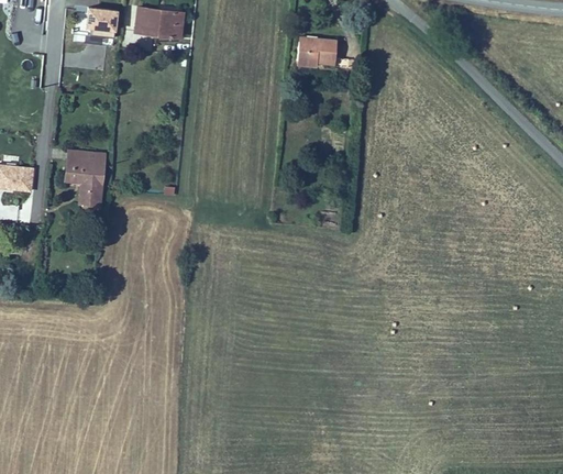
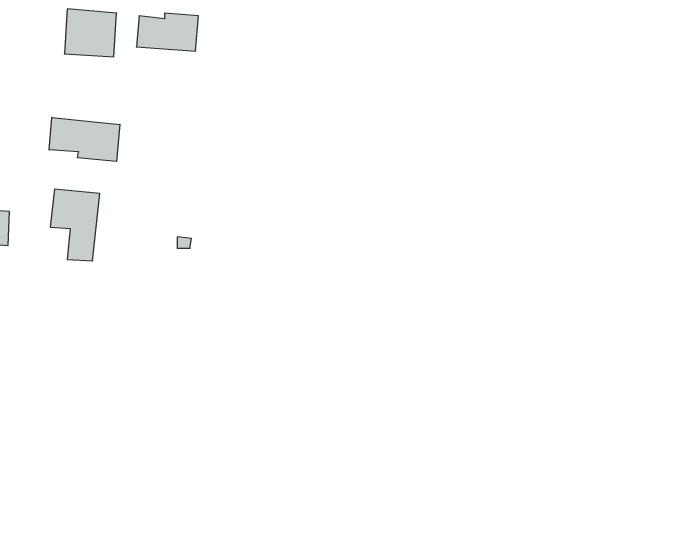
building: [298,36,339,63] -> none
building: none -> [49,117,120,161]

